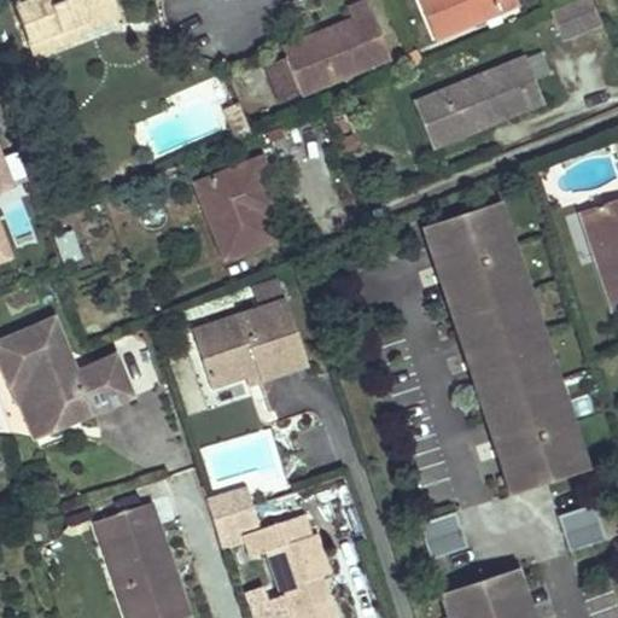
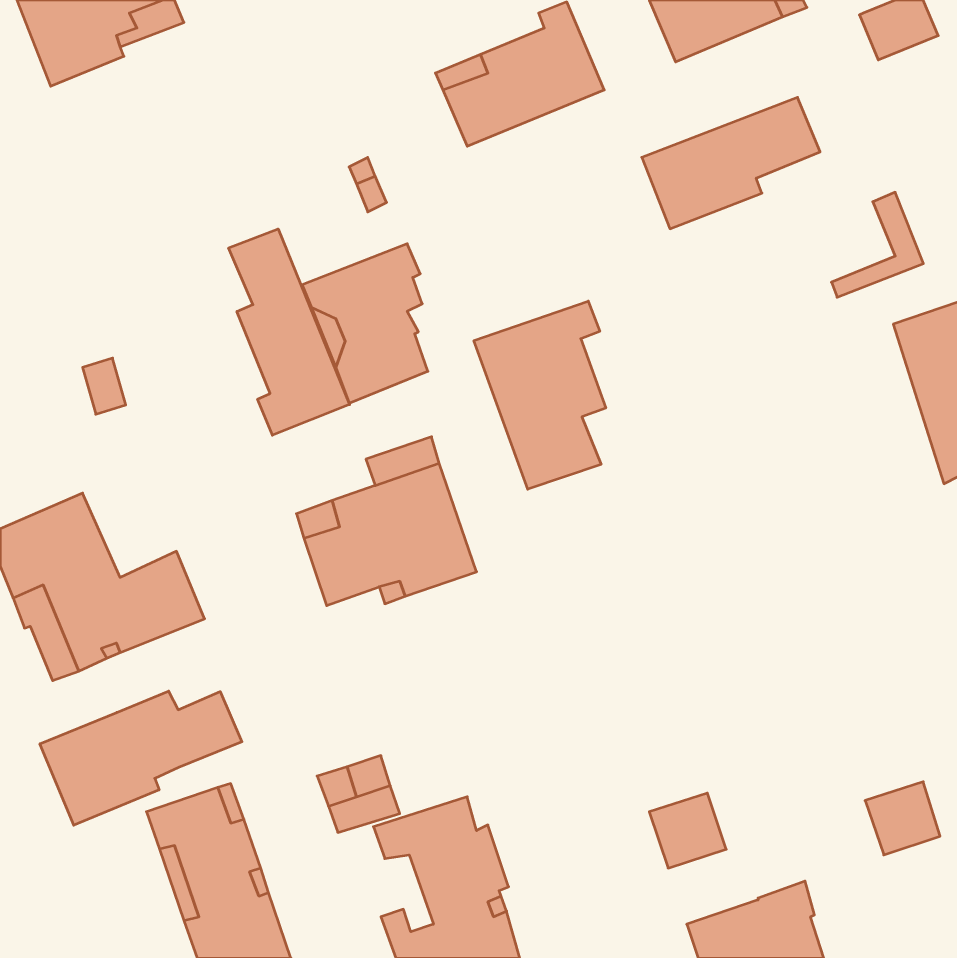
building: [488,57,547,124] -> [831,192,923,297]
building: none -> [229,229,350,435]
building: none -> [474,301,606,489]
building: [421,204,585,495] -> none
building: none -> [40,691,242,825]

